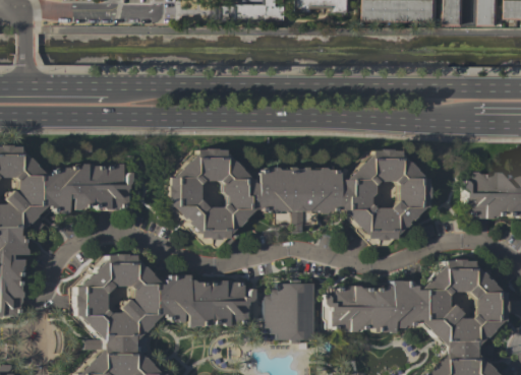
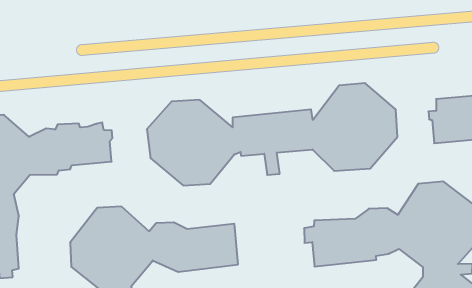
building: [259,284,309,341] -> none

